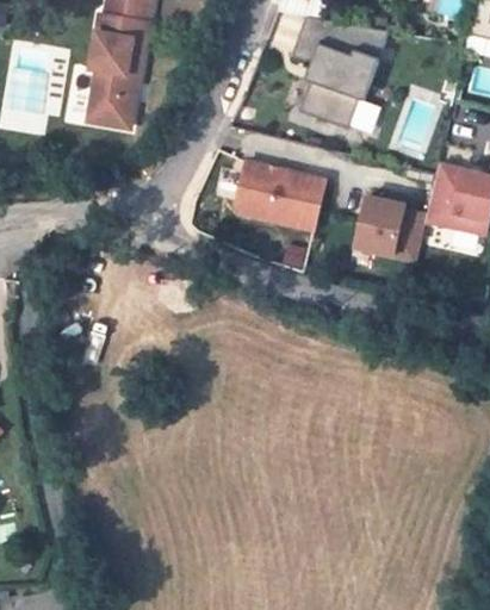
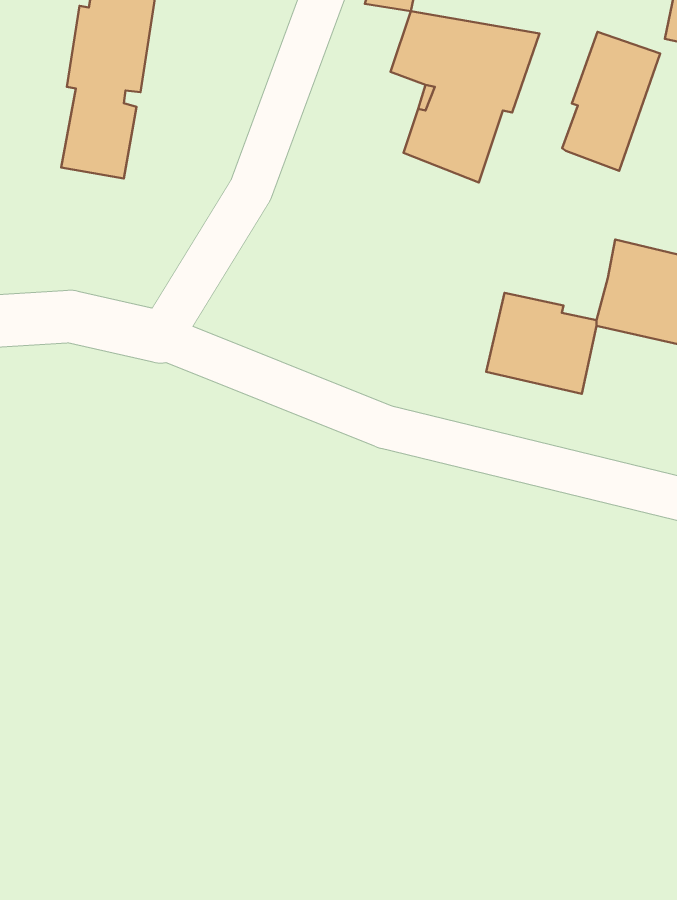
building: none -> [562,32,660,171]
building: [237,163,327,231] -> none

